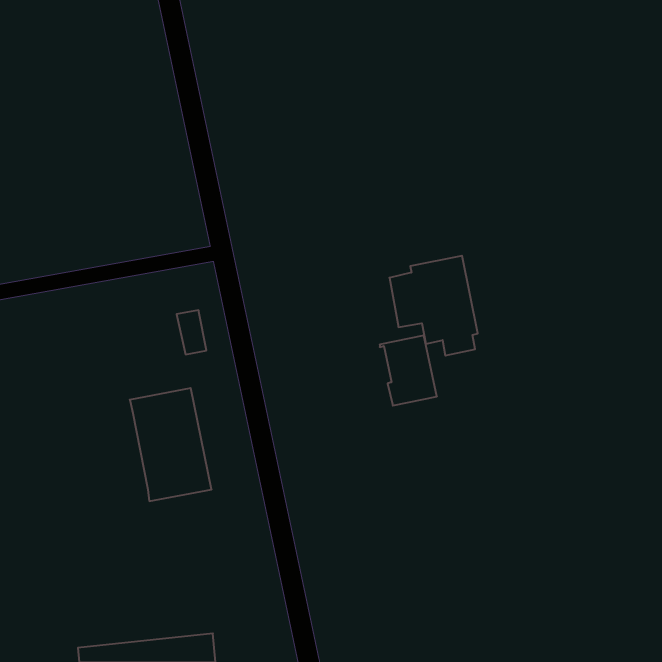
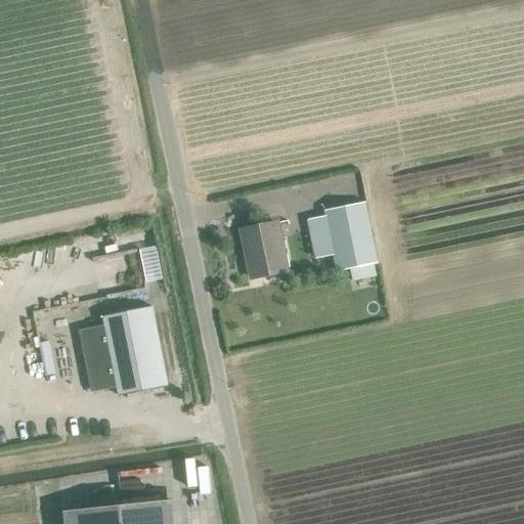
building: [380,335,437,406] -> [241,222,286,277]
building: none -> [79,324,117,391]

